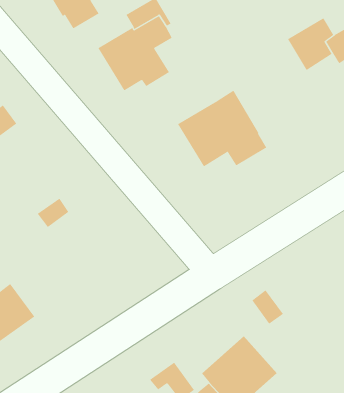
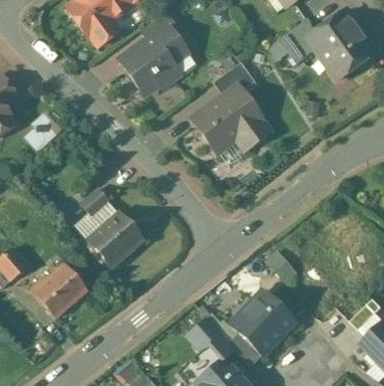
building: none -> [213,62,255,96]
building: none -> [86,212,142,268]

